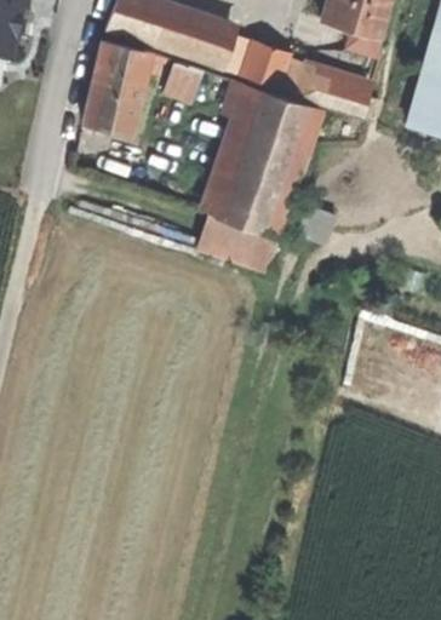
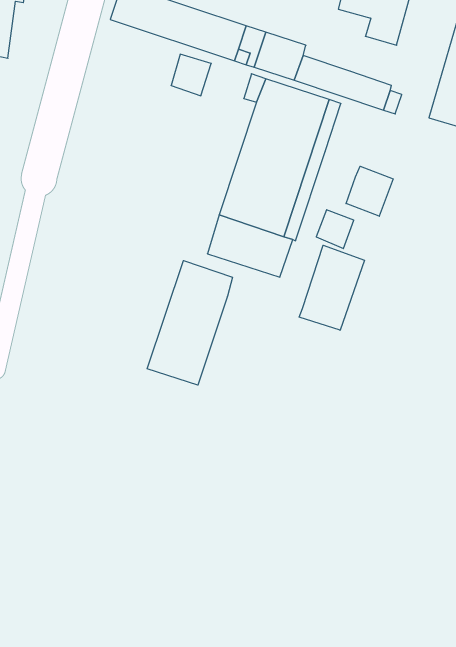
building: [82,40,151,133] -> none
building: none -> [346,166,393,216]
building: none -> [299,245,364,330]
building: none -> [147,261,233,385]

